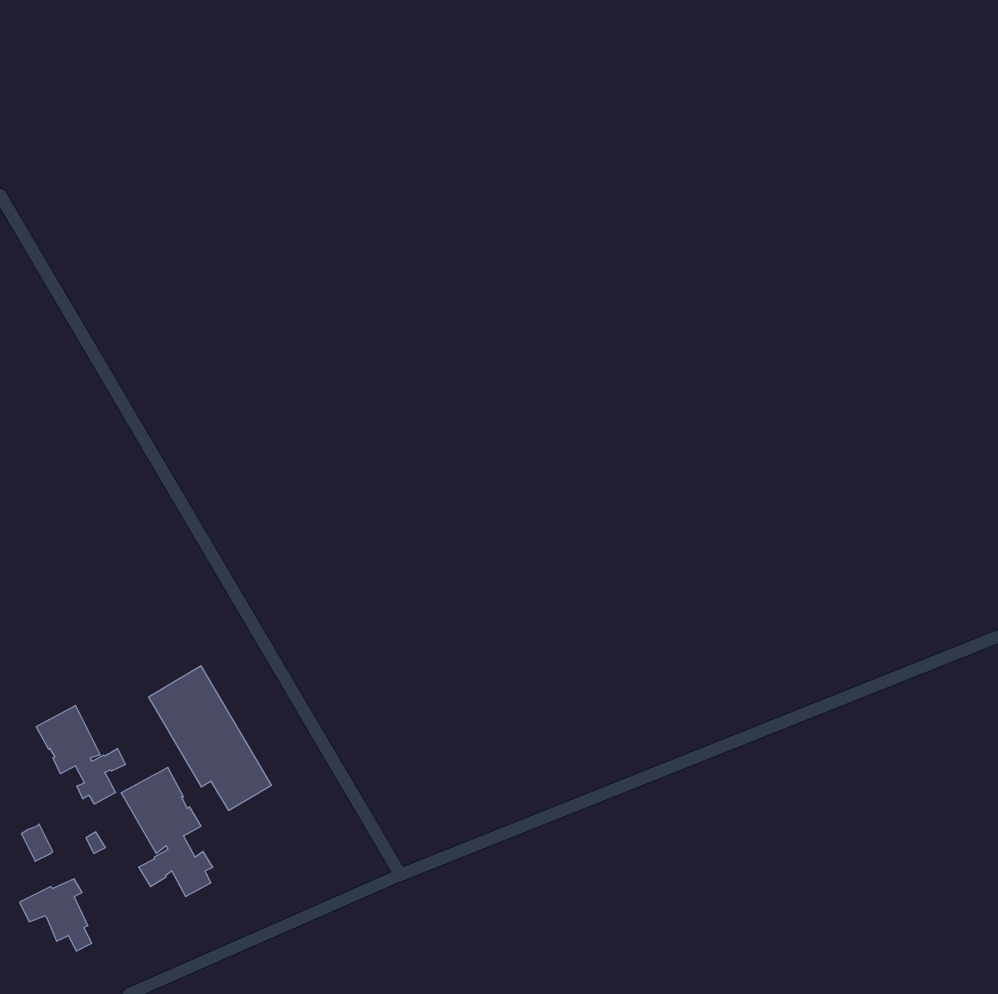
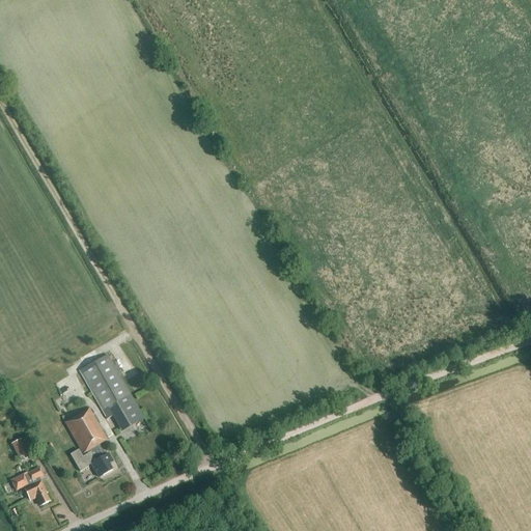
building: [36,705,125,804] -> none

